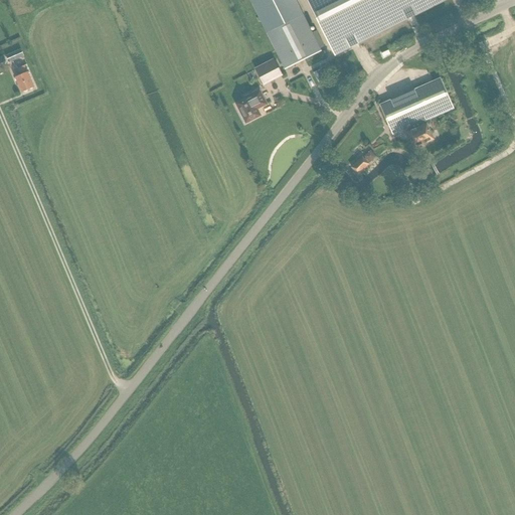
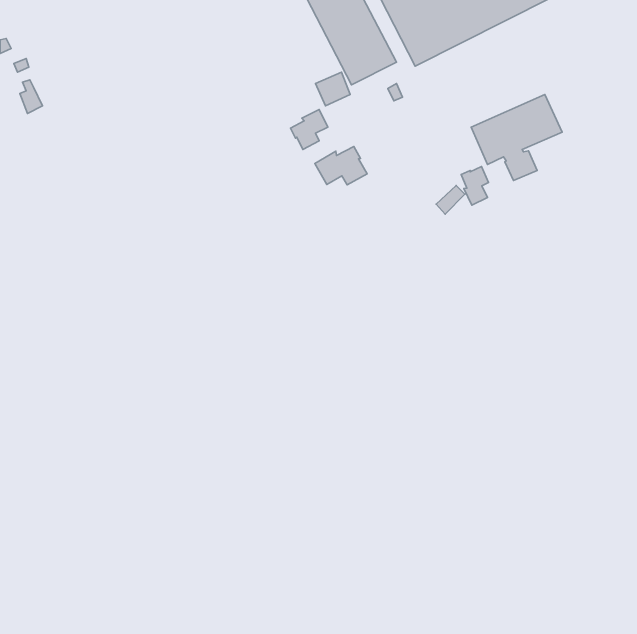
building: none -> [315,147,367,185]
building: none -> [461,167,488,205]

